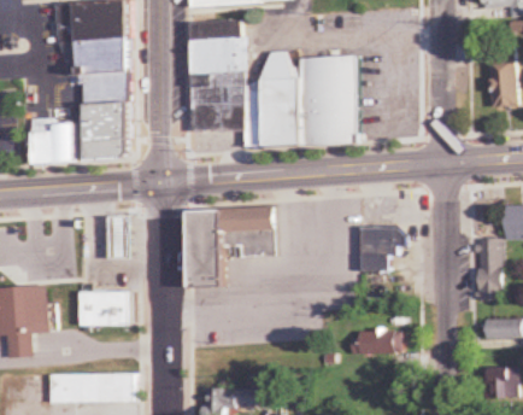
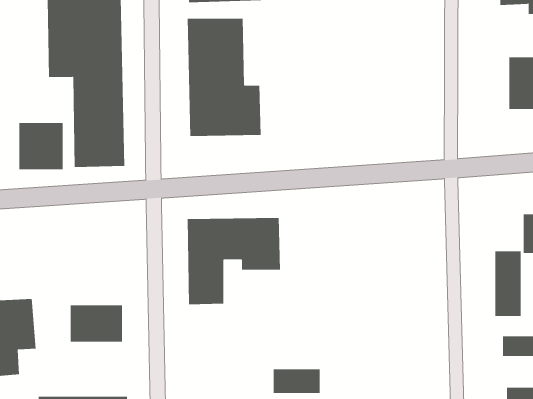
building: [262,51,357,145] -> none
building: [106,214,130,257] -> none
building: [360,228,404,271] -> none
building: [354,331,399,353] -> [273,369,320,393]

